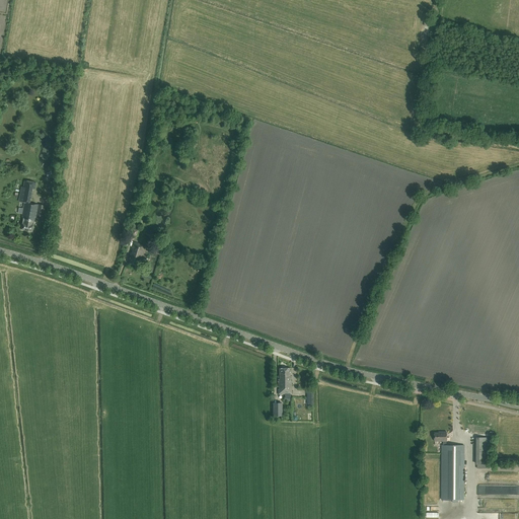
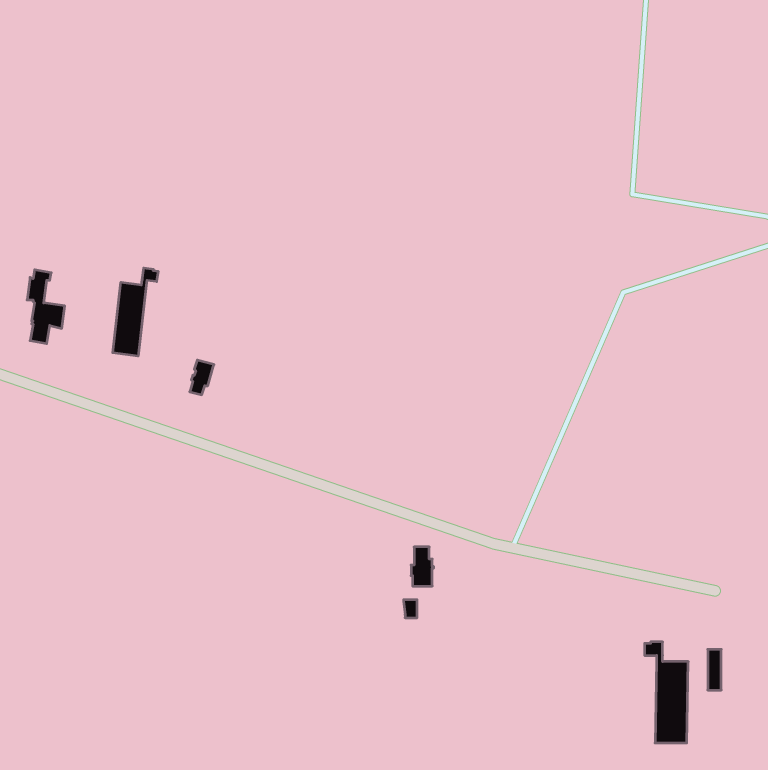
building: none -> [113,268,158,356]

